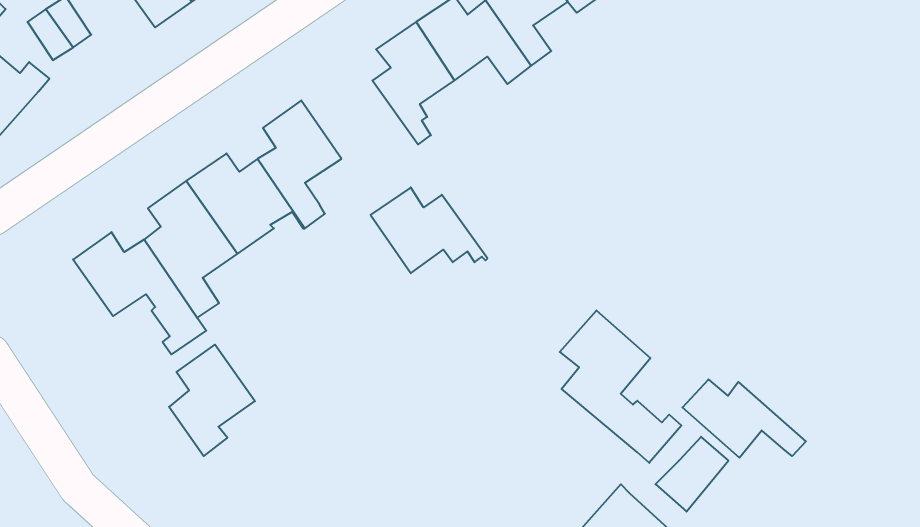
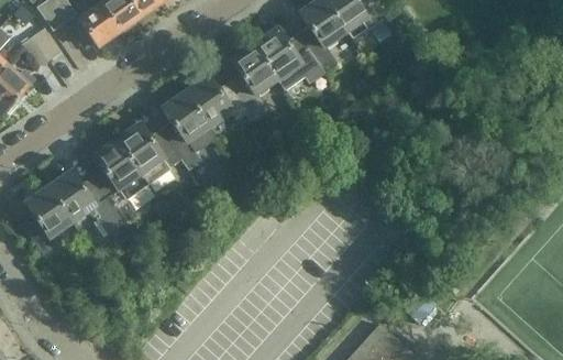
building: [371,187,487,273] -> [187,75,257,127]
building: [560,310,681,463] -> none
building: [169,345,255,456] -> [22,187,74,254]
building: [682,379,806,458] -> none

